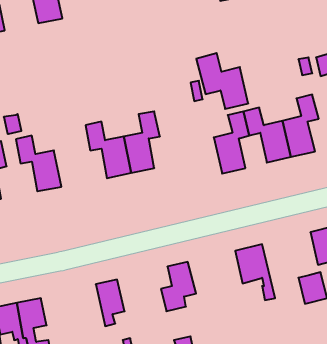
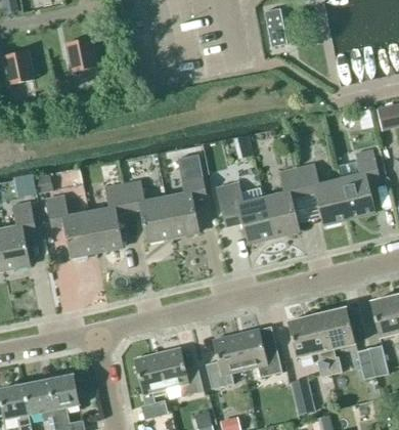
building: [196,53,248,109] -> [216,181,273,243]
building: none -> [88,183,128,251]
building: none -> [317,307,355,374]
building: none -> [235,328,282,377]
building: none -> [158,347,204,395]
building: none -> [291,378,315,414]

